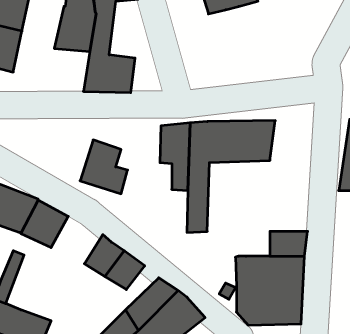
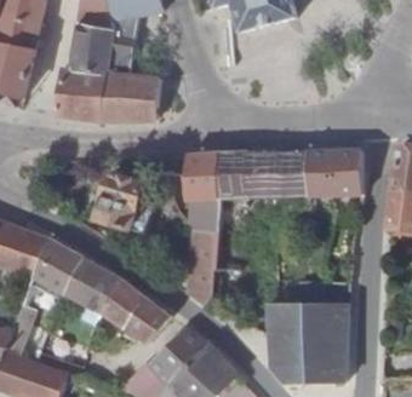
building: none -> [53,69,107,119]
building: none -> [309,150,360,196]
building: none -> [183,229,217,307]
building: none -> [63,259,121,312]

